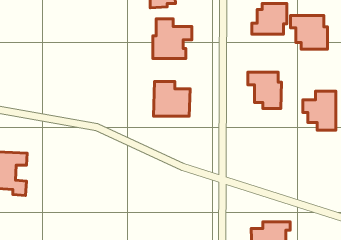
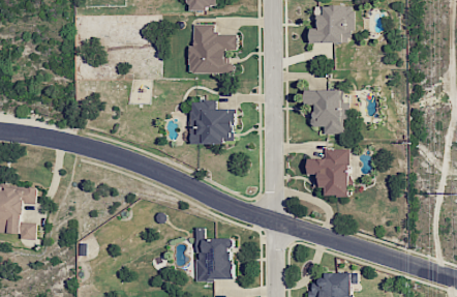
building: [290,16,328,49] -> none
building: [303,91,336,130] -> [307,148,347,196]
building: none -> [194,228,233,280]

